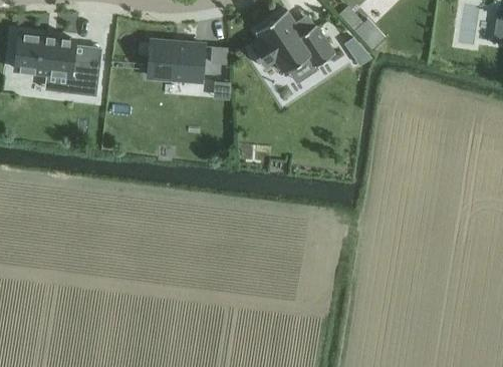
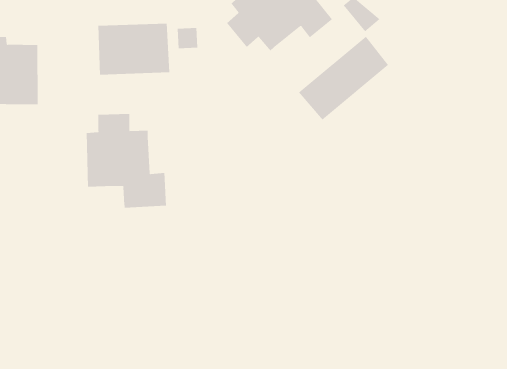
building: none -> [298,36,389,121]
building: none -> [86,113,167,208]

